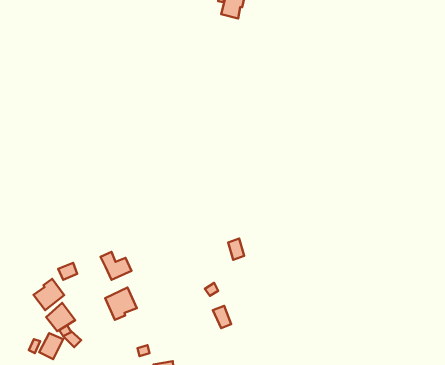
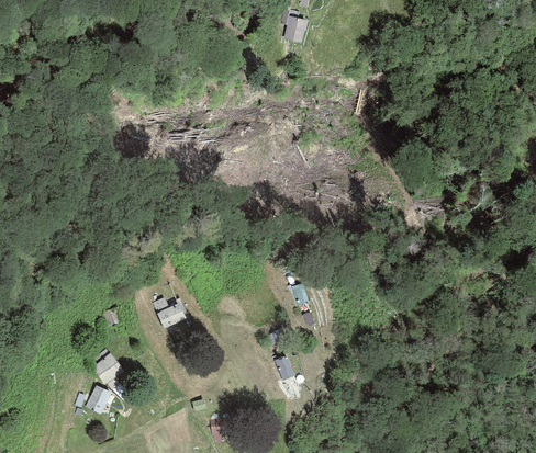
building: [33,279,64,310] -> none
building: [105,287,137,320] -> none

